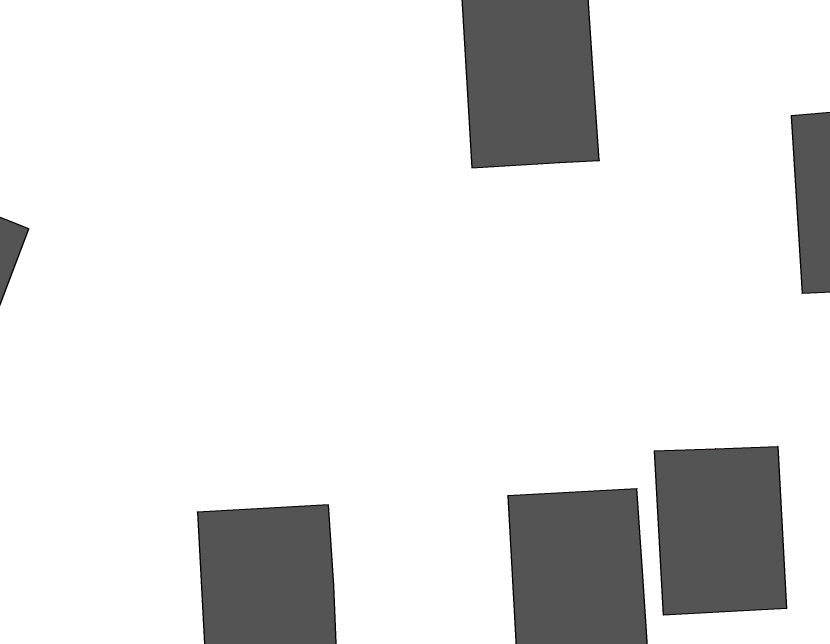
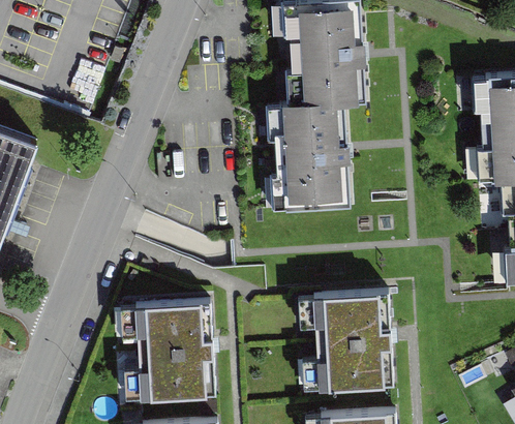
building: none -> [272,105,351,213]
building: [654,446,787,615] -> none

